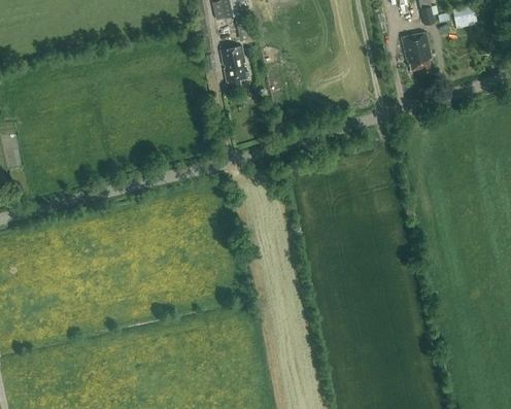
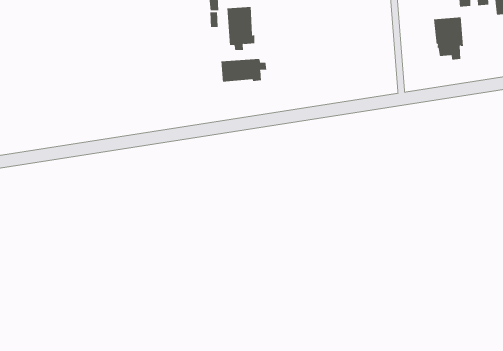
building: none -> [221,58,267,83]

